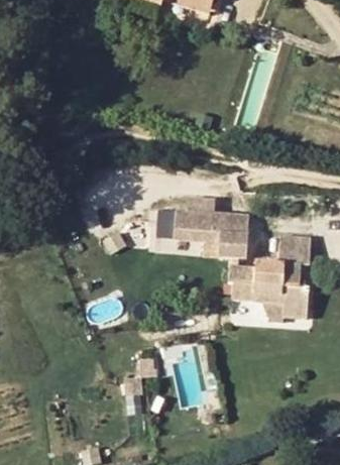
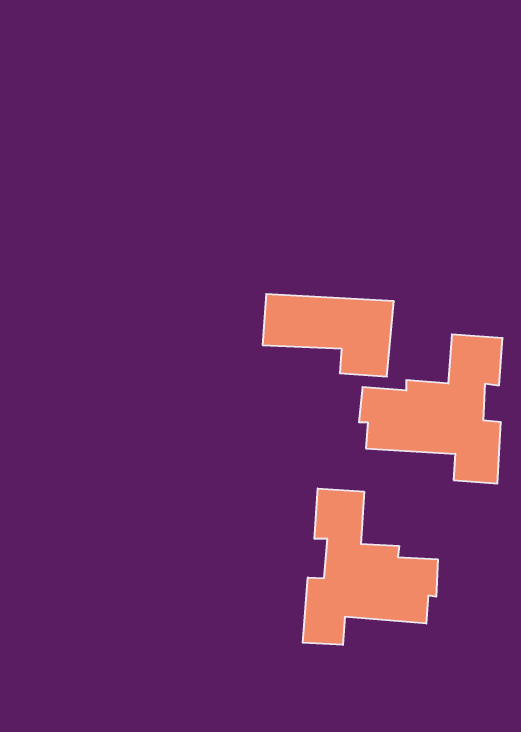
building: none -> [303,488,438,645]

